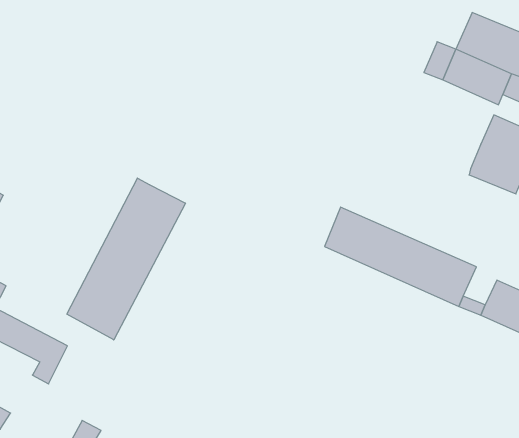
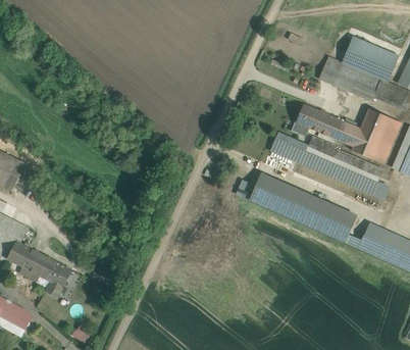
building: none -> [292,104,360,146]
building: none -> [272,133,382,194]
building: [67,178,185,340] -> none

